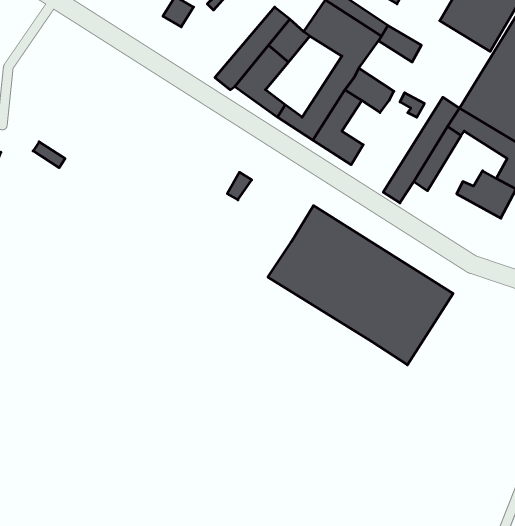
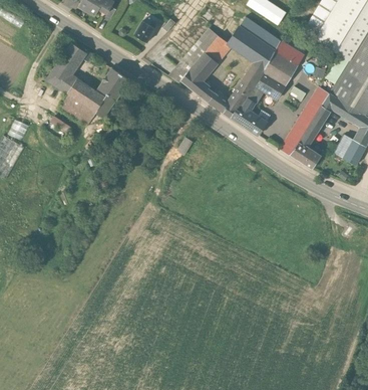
building: none -> [47,42,129,124]
building: none -> [264,49,299,82]
building: none -> [291,142,322,170]
building: [268,206,453,365] -> none

